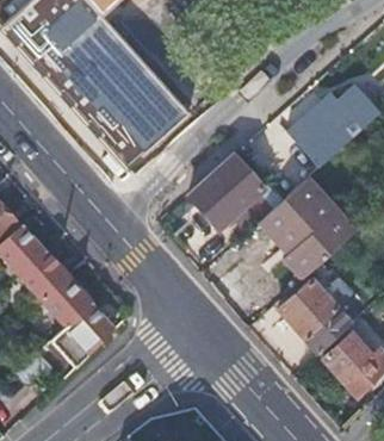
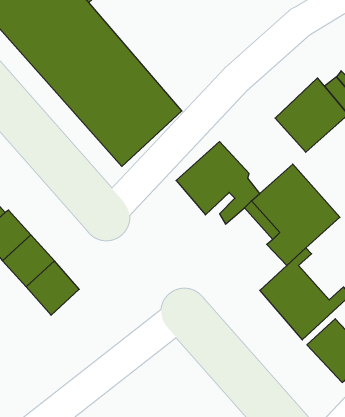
building: [49,302,114,367] -> none

